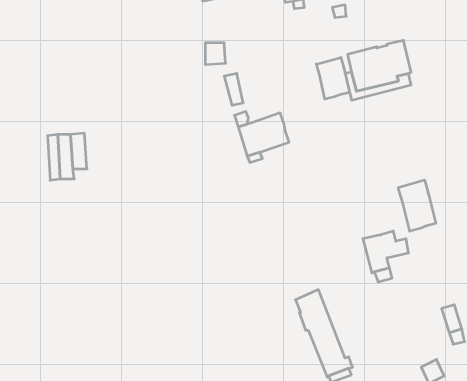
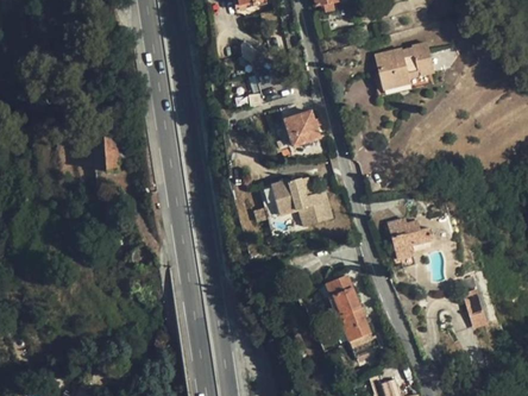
building: [316,57,349,99] -> none
building: [398,180,436,231] -> none
building: none -> [259,177,332,234]

